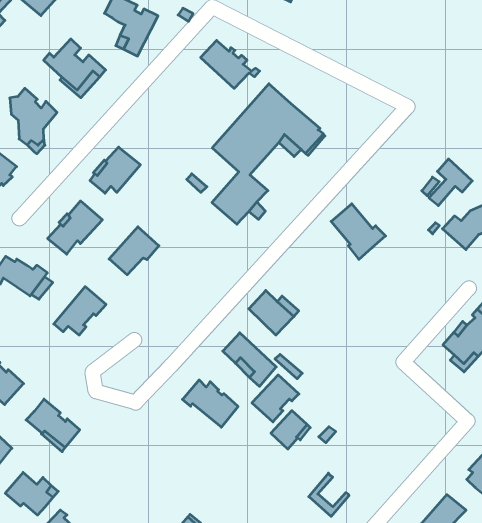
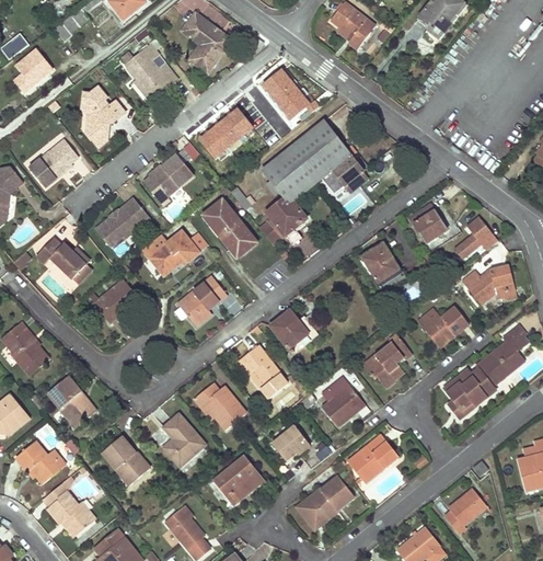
building: none -> [200,108,253,158]
building: none -> [408,203,444,240]
building: none -> [204,199,255,256]
building: none -> [423,307,469,344]
building: none -> [177,276,227,325]
building: none -> [368,333,412,385]
building: [252,375,299,422] -> [321,383,366,426]
building: none -> [348,434,398,479]
building: none -> [163,413,205,465]
building: none -> [215,456,263,503]
building: none -> [102,436,149,484]
building: none -> [305,477,354,520]

